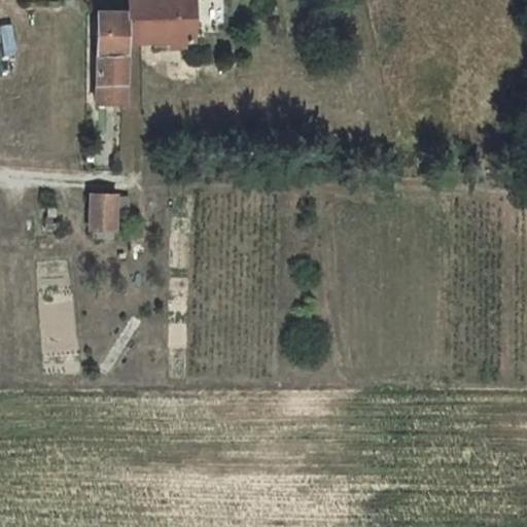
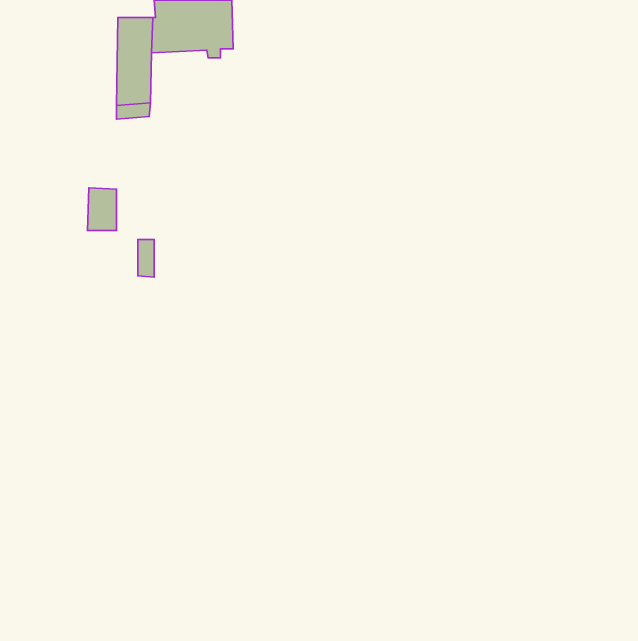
building: [92,196,115,231] -> [88,188,116,231]

